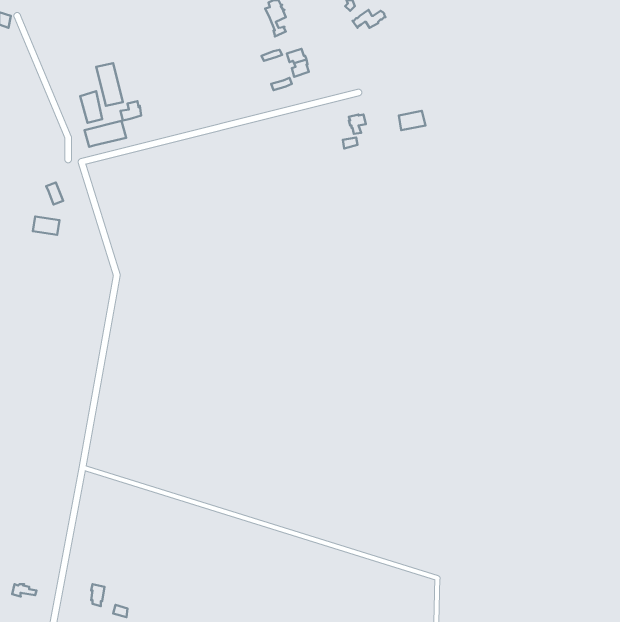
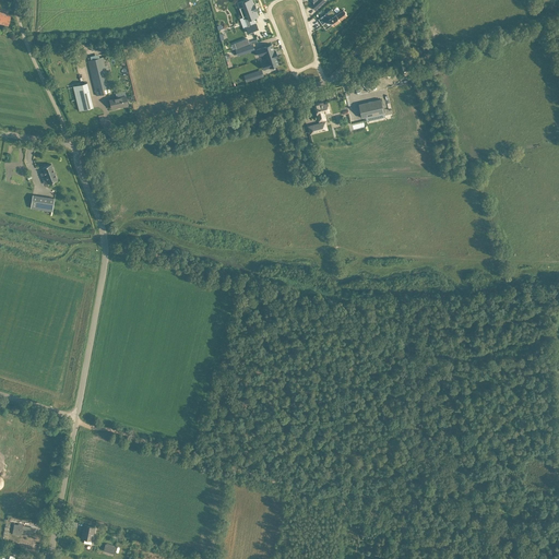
building: [85,121,126,147] -> none

